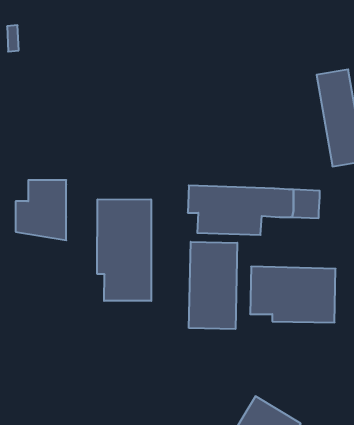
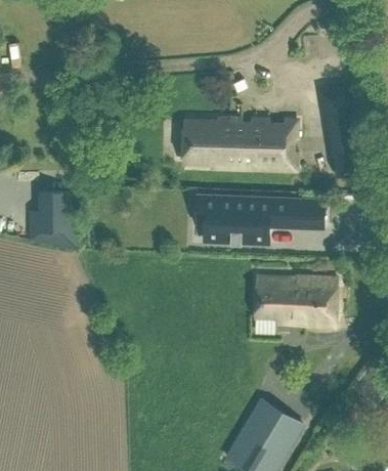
building: none -> [181,119,298,169]
building: [97,199,151,301] -> none
building: [189,242,237,329] -> none

